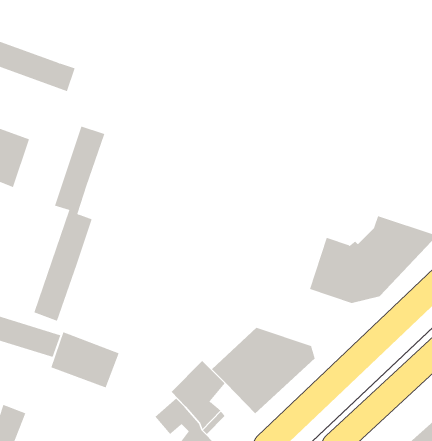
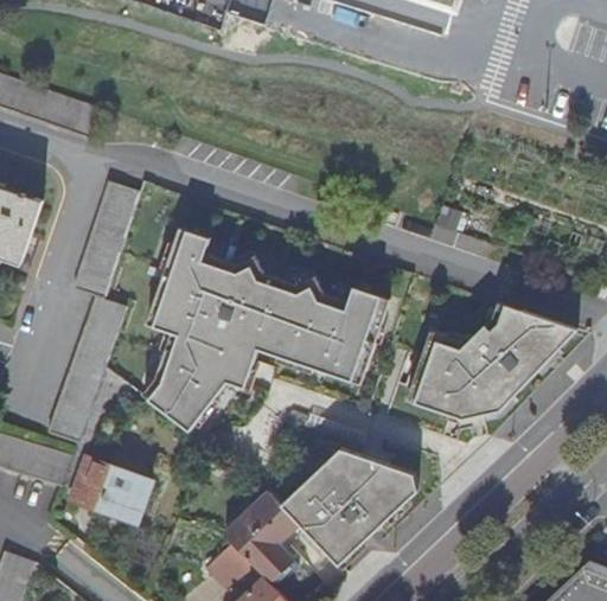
building: none -> [142,229,390,429]

